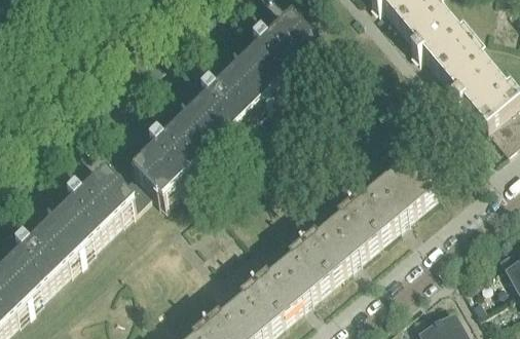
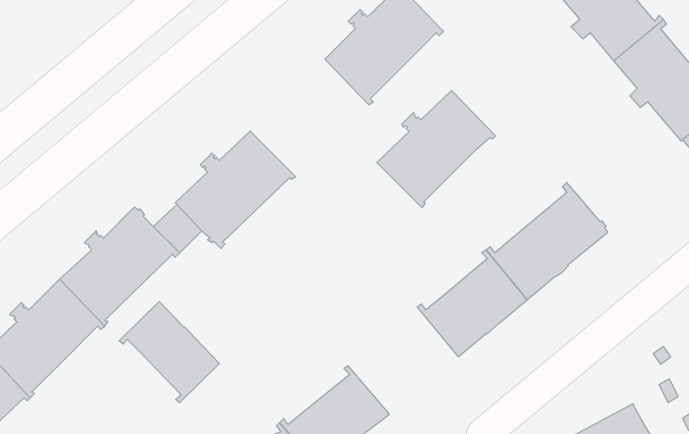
building: [181,69,264,151] -> [377,91,496,208]
building: none -> [119,302,219,403]
building: [250,242,327,317] -> none

